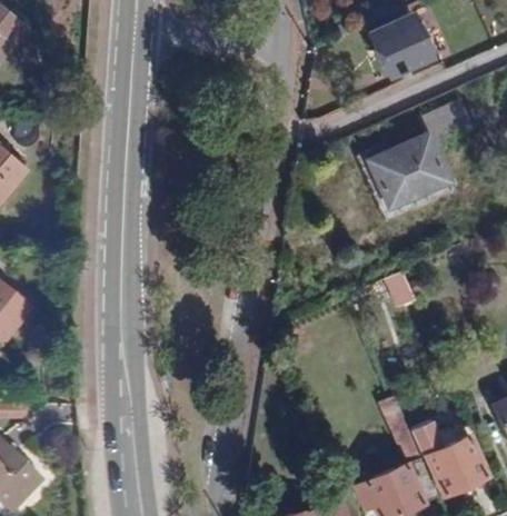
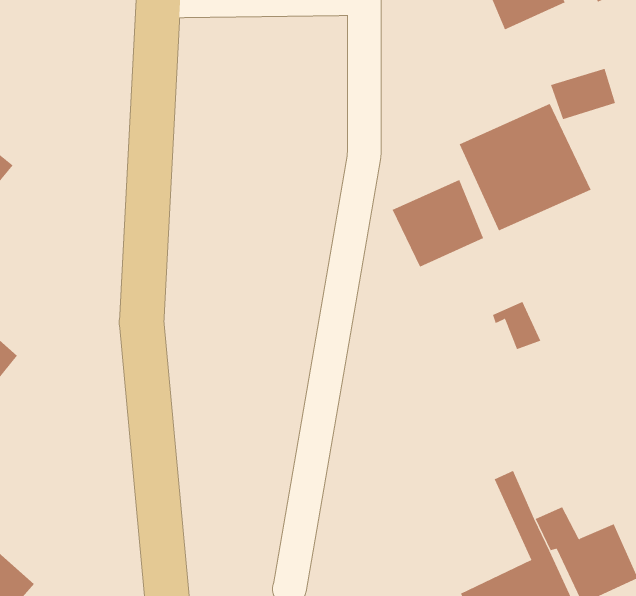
building: none -> [392,179,484,267]

